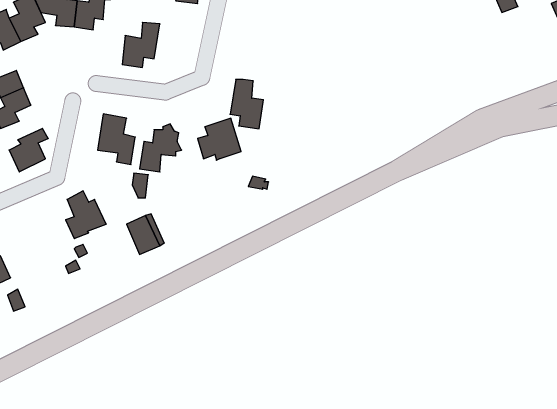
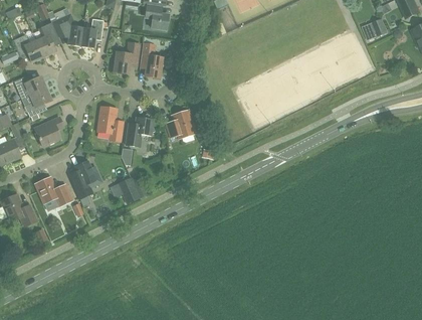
building: [230,79,263,129] -> [139,43,162,77]
building: none -> [35,176,71,205]

